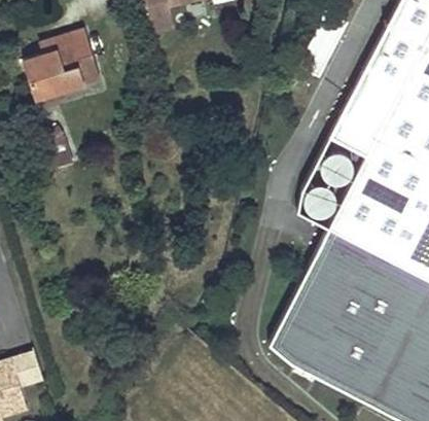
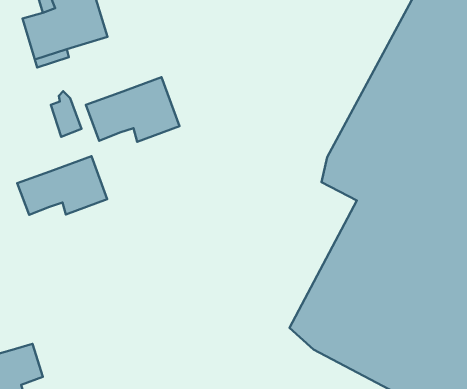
building: none -> [86,77,180,142]
building: none -> [17,156,107,215]

